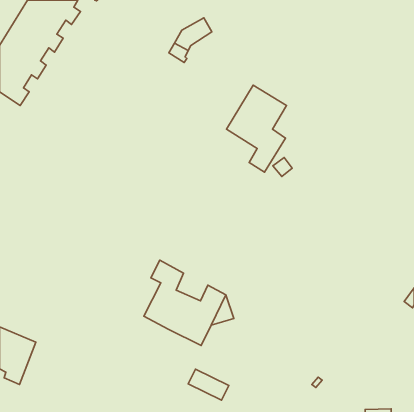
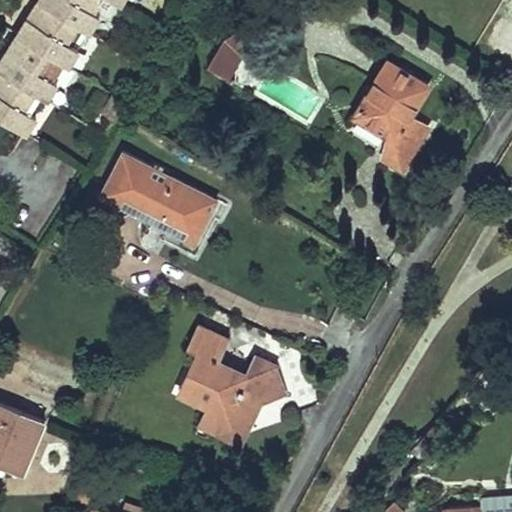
building: [226,85,286,172] -> [355,64,429,171]
building: none -> [101,154,210,246]
building: [188,369,229,400] -> [198,409,248,447]

